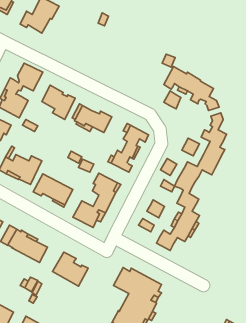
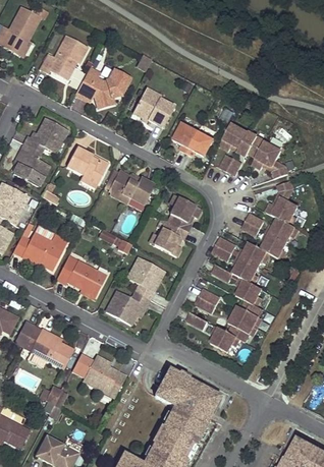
building: none -> [74,70,128,108]
building: none -> [132,89,173,127]
building: none -> [173,123,213,157]

